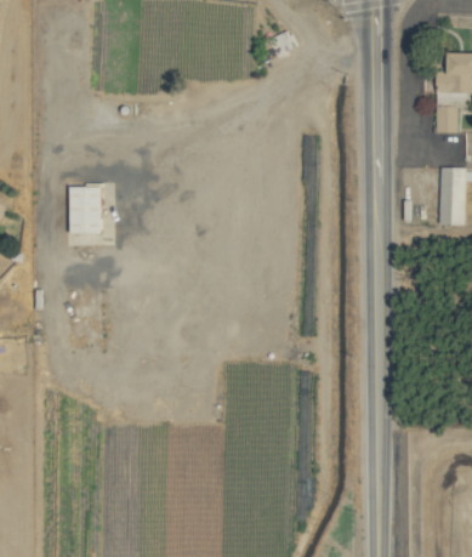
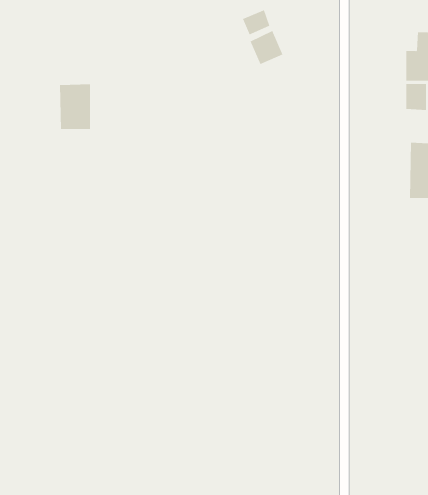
building: none -> [250,30,283,65]
building: [68,186,101,233] -> [59,84,91,130]

